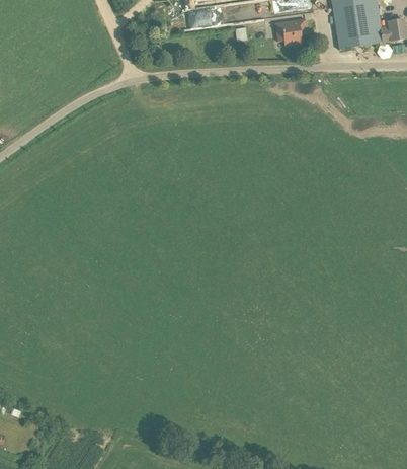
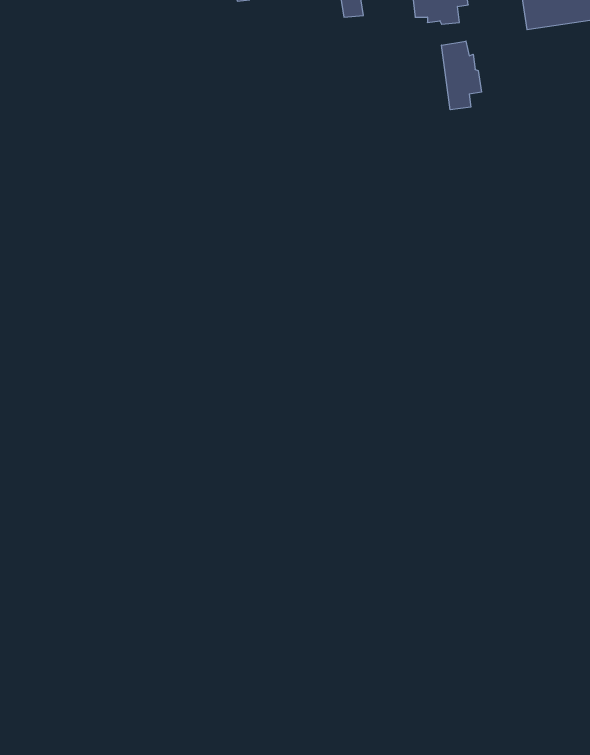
building: none -> [442,41,481,110]

